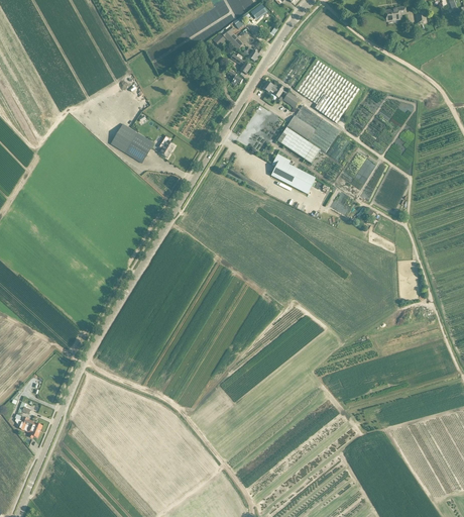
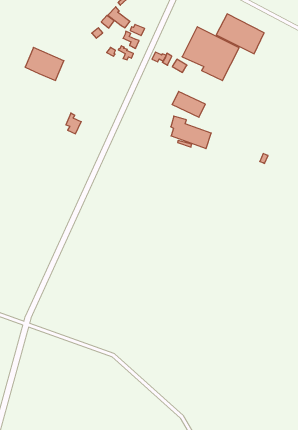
building: [287,105,340,152] -> [216,14,264,54]
building: [111,123,154,163] -> [25,47,64,80]

